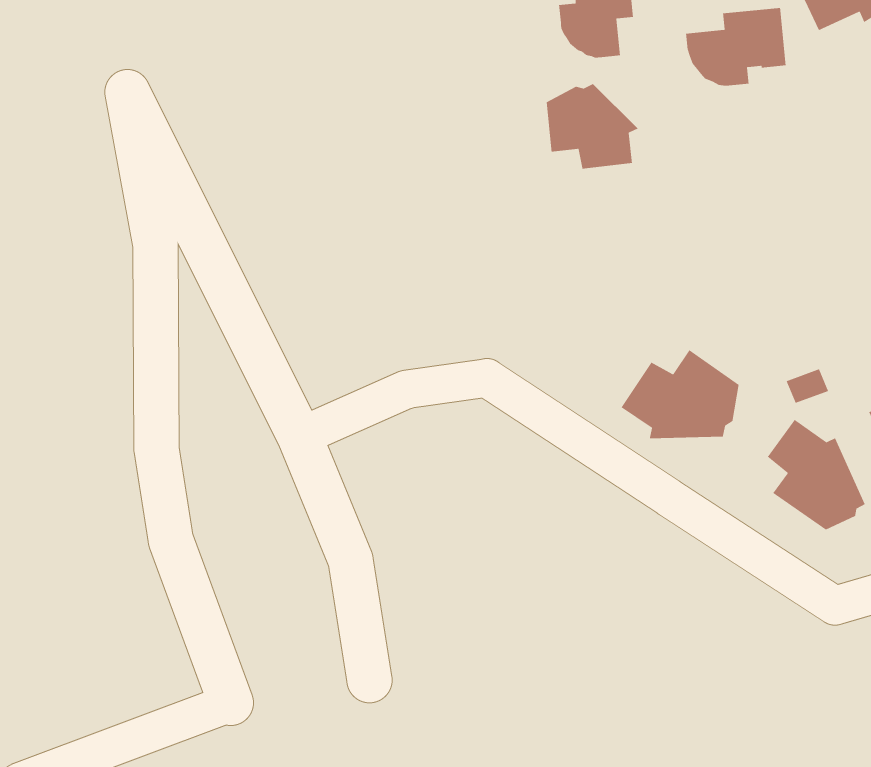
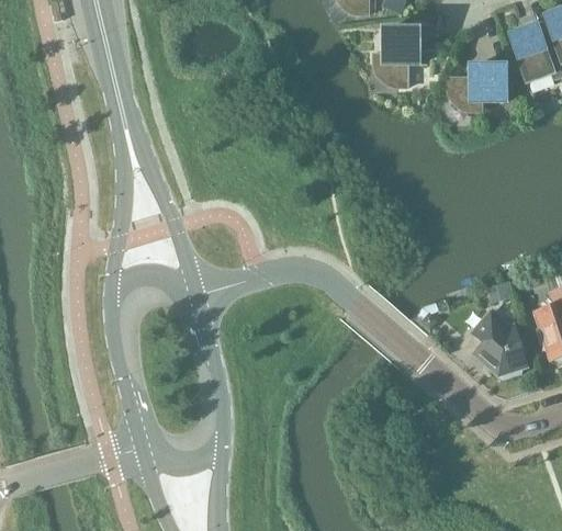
building: [546,83,639,169] -> none
building: [620,349,740,439] -> none

